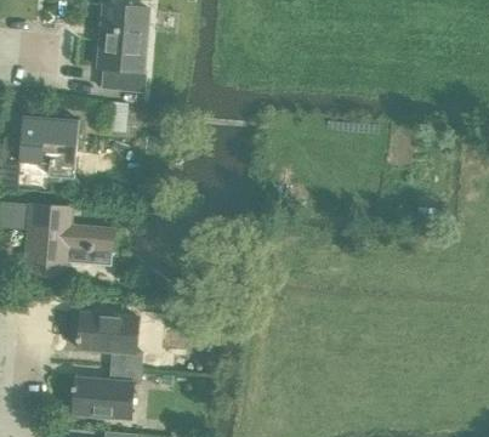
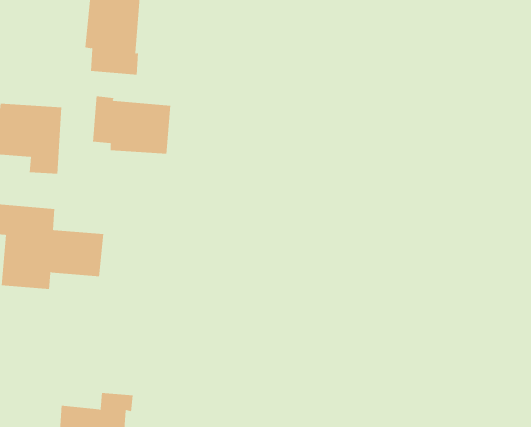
building: none -> [93,95,171,155]
building: [78,312,141,369] -> none

